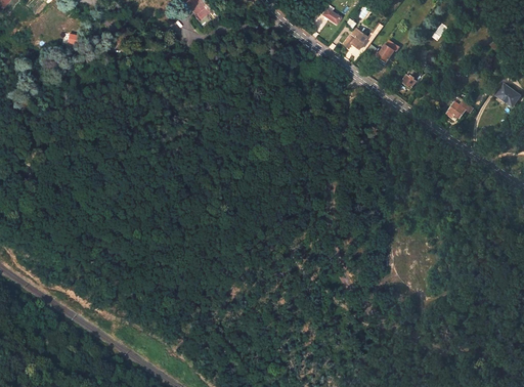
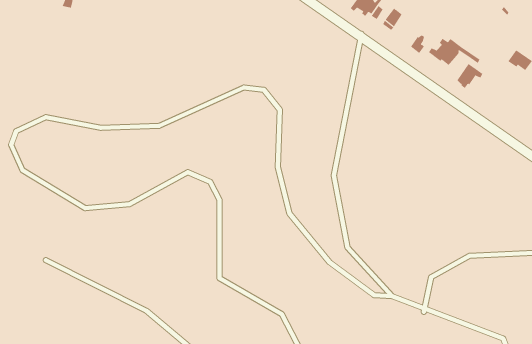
building: none -> [428,38,480,66]

